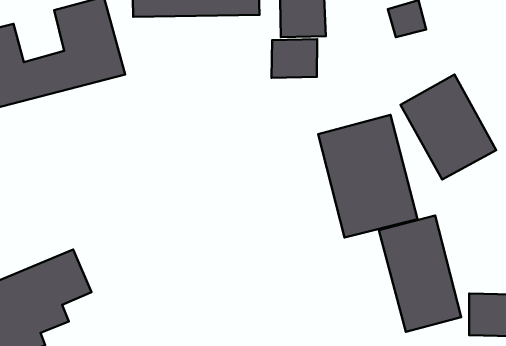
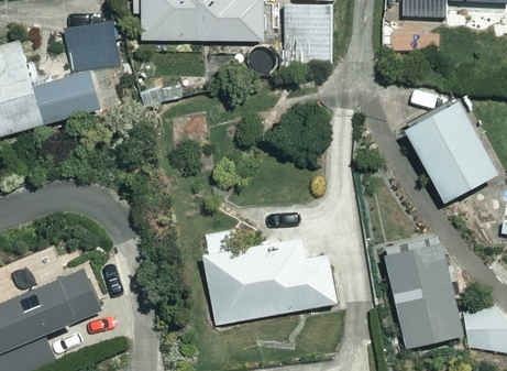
building: [272,39,317,78] -> none
building: [318,115,418,238] -> none
building: none -> [202,237,335,326]

